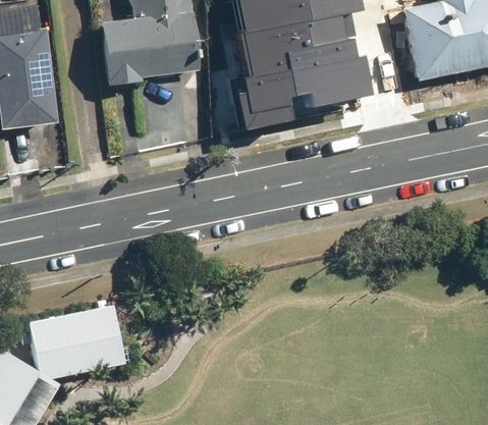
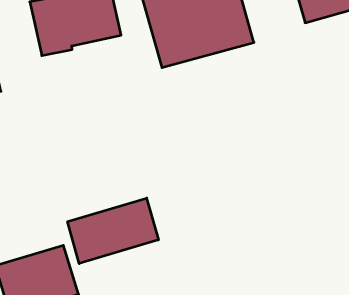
building: none -> [68,198,158,264]

